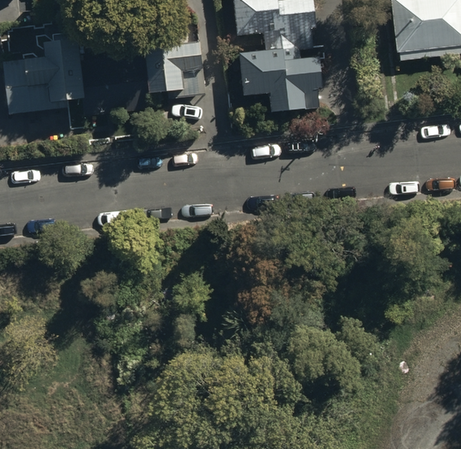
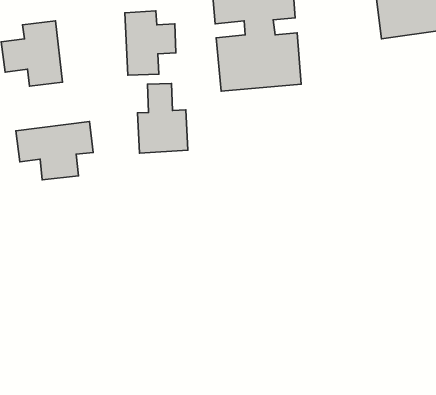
building: none -> [137,84,188,153]
building: none -> [16,122,93,180]

